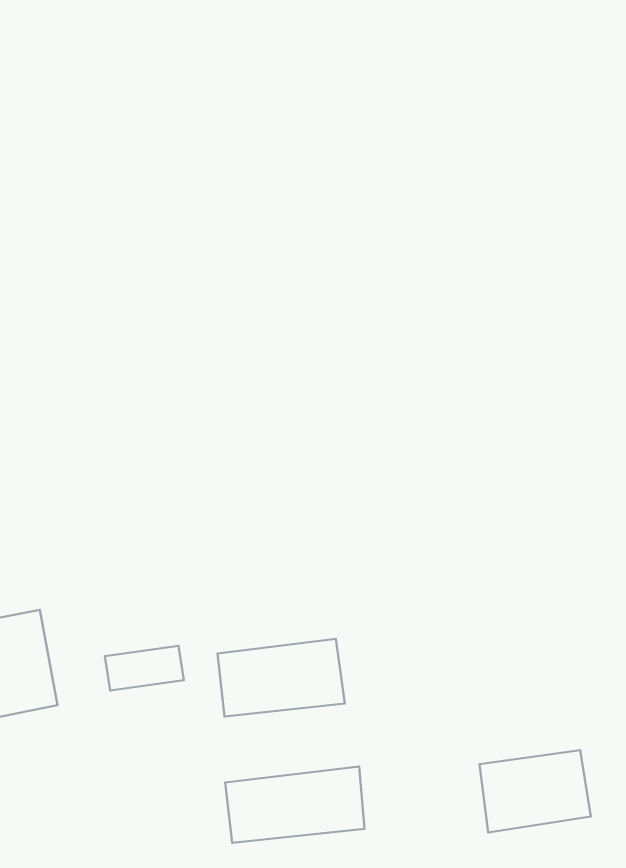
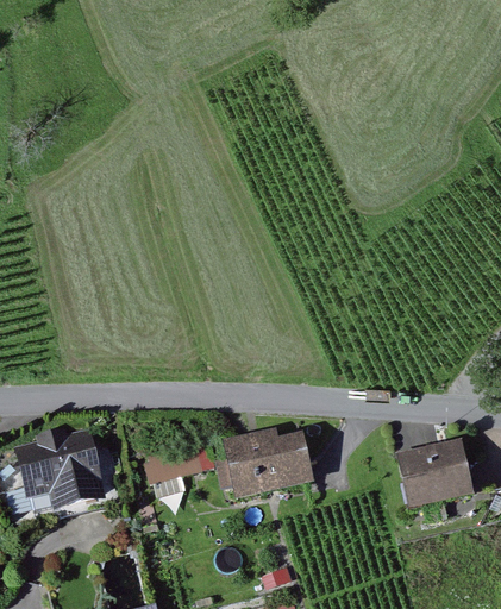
building: [480,750,591,832] -> [388,446,464,504]
building: [225,766,365,843] -> none

